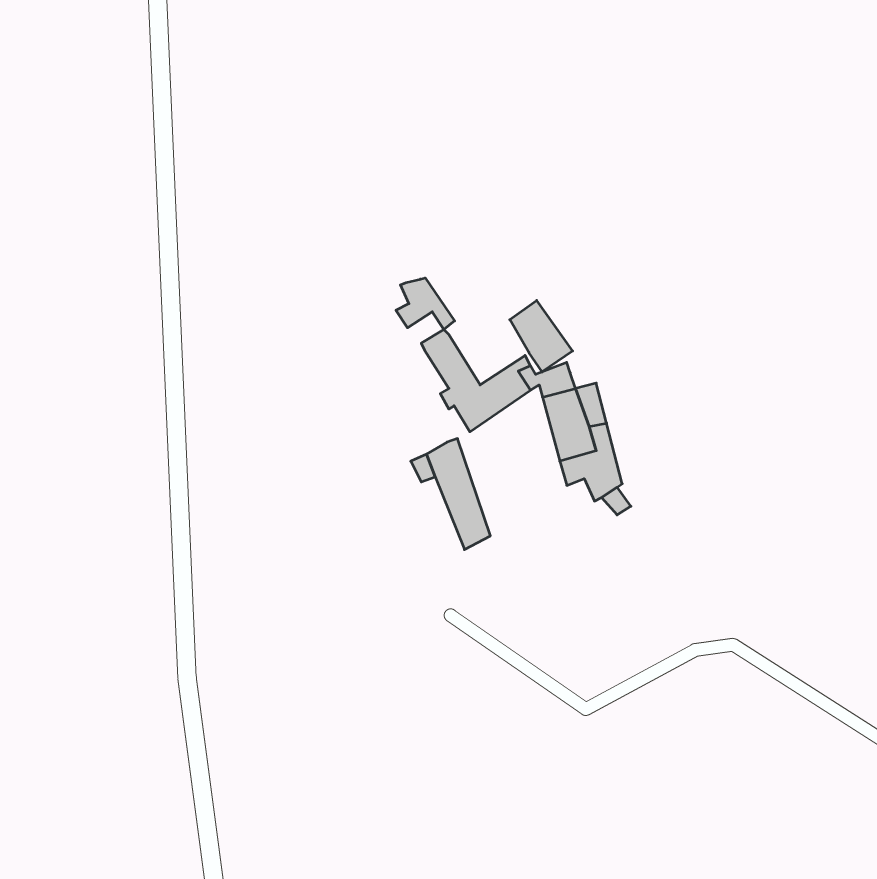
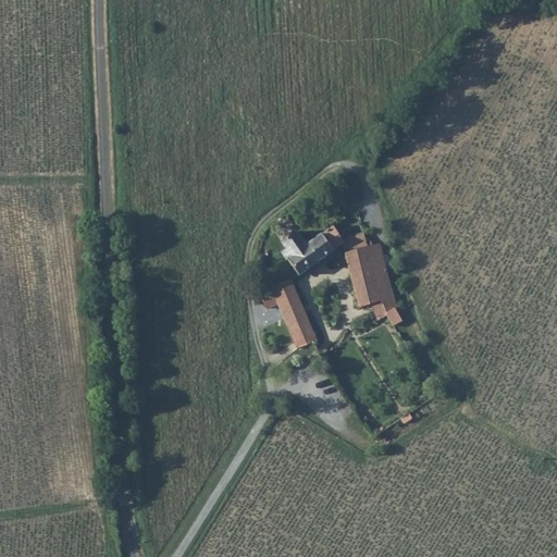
building: [396,278,455,329] -> none
building: [510,300,573,372] -> none

